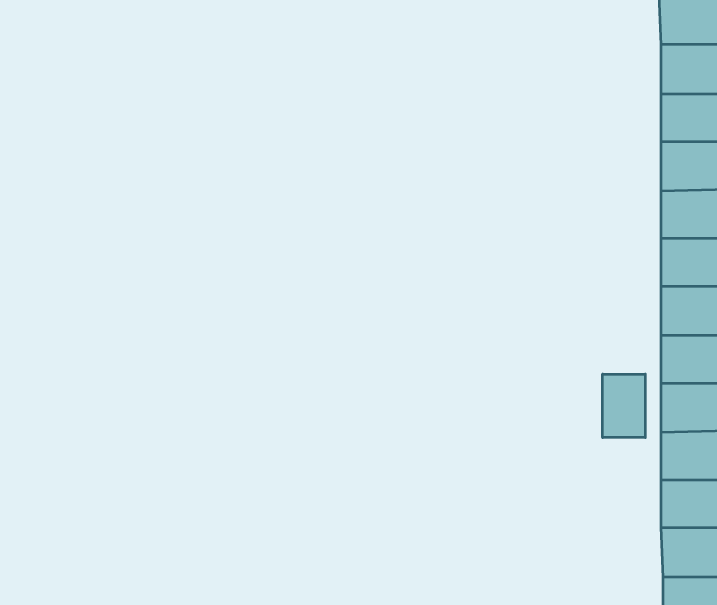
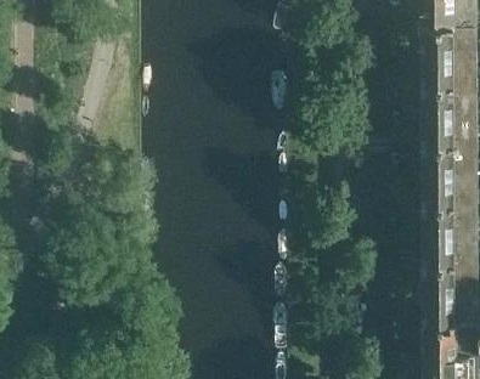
building: [603,374,645,438] -> none

